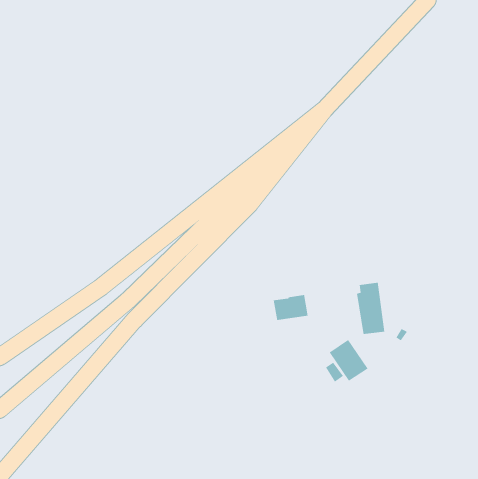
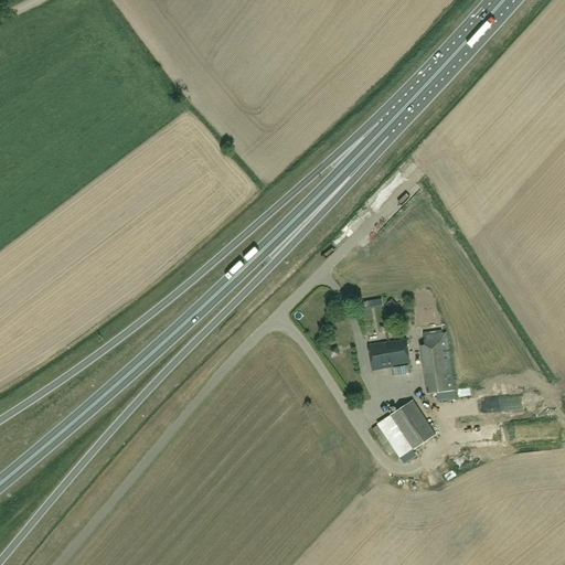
building: [273,294,308,321] -> [367,339,409,370]

